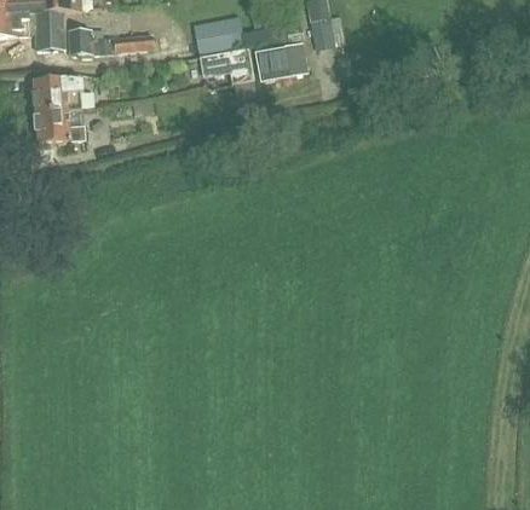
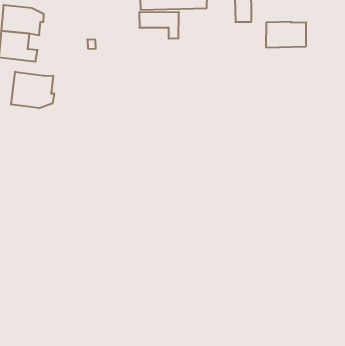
building: [254,42,307,81] -> [266,22,306,47]
building: none -> [11,72,54,108]

